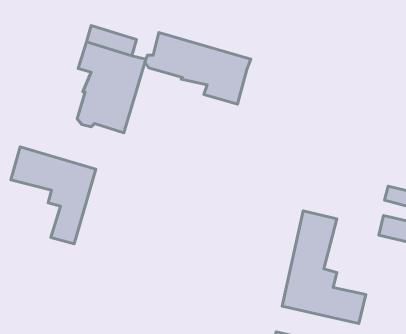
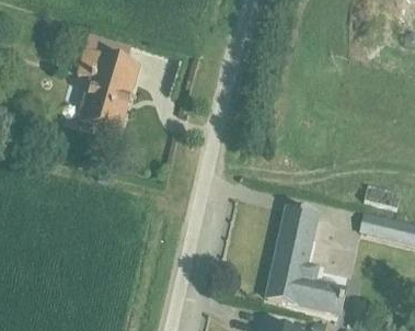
building: [145,33,251,104] -> none
building: [11,147,96,244] -> none

